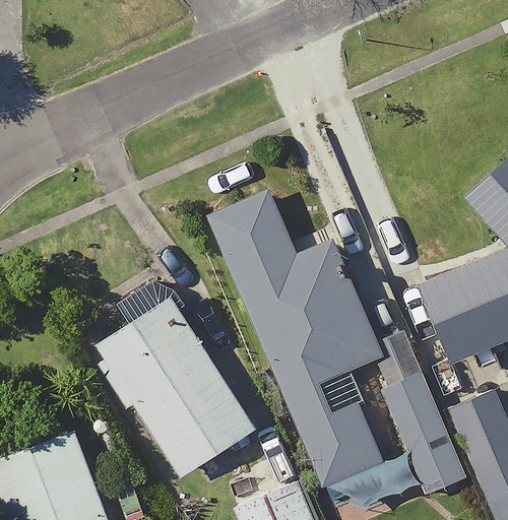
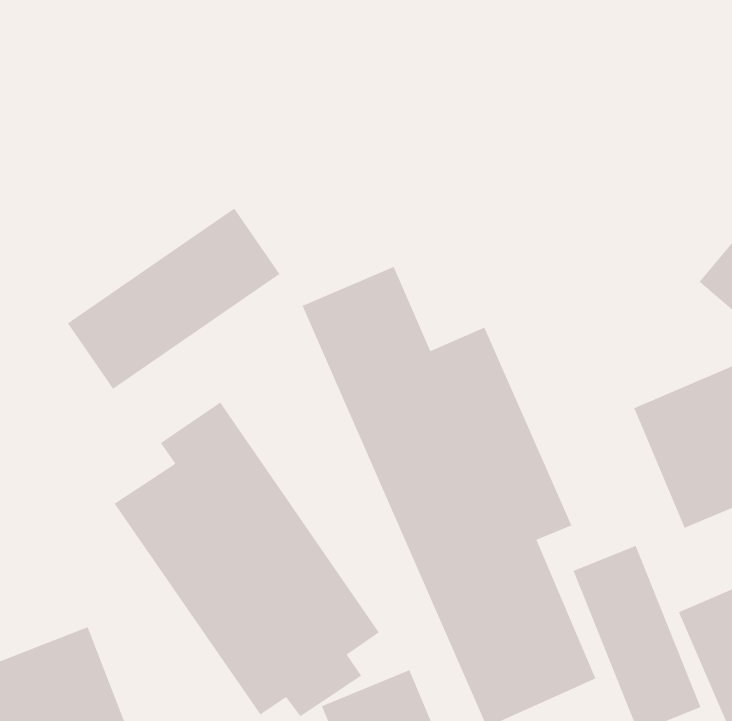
building: none -> [67,207,281,390]

